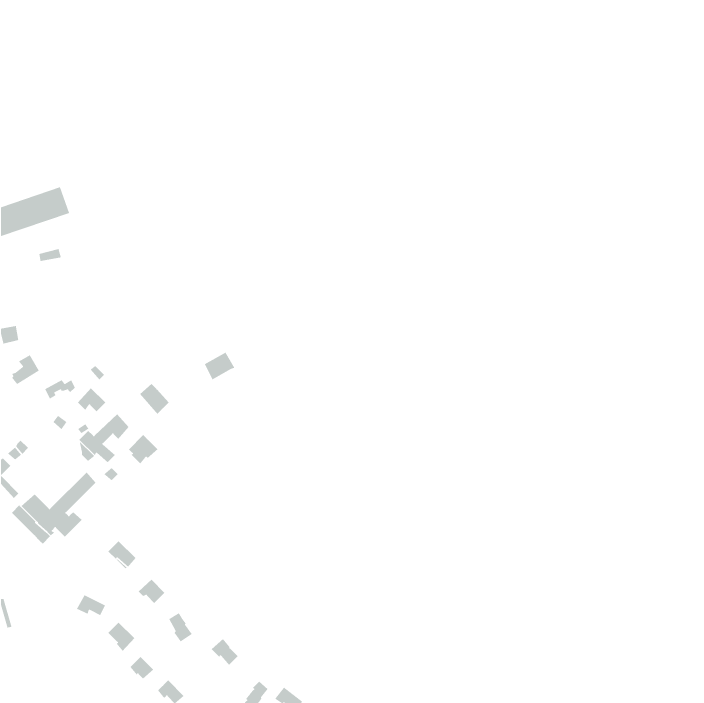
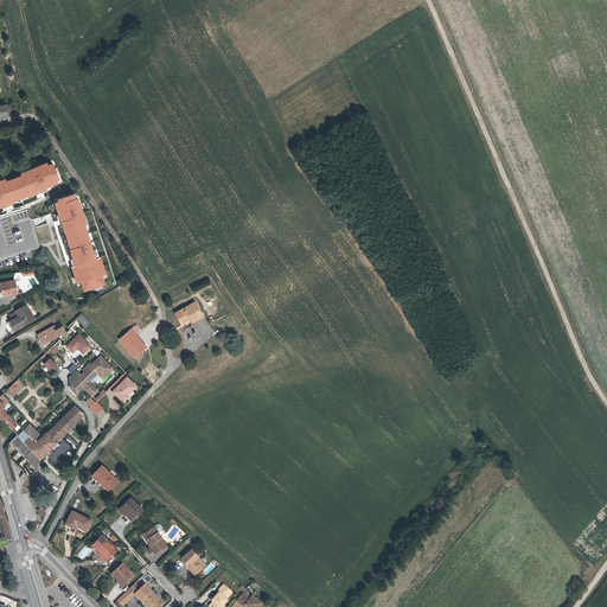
building: none -> [55,194,106,293]

